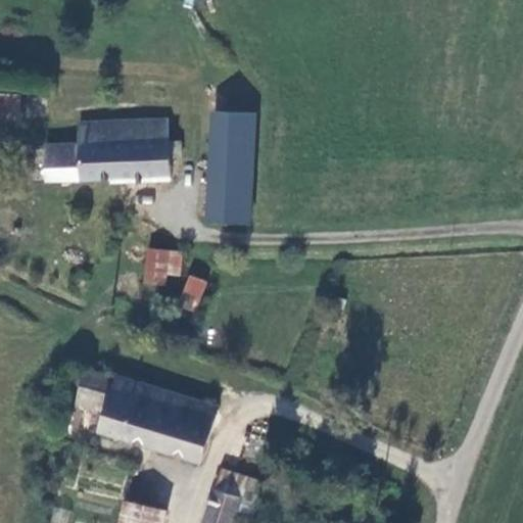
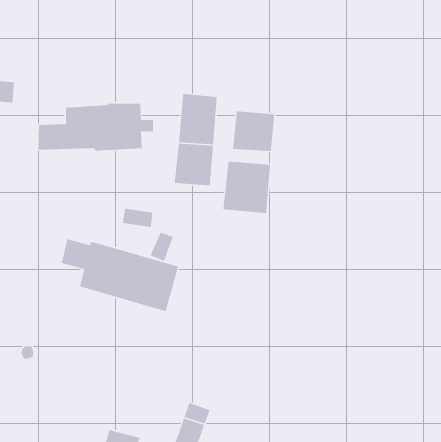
building: none -> [232,111,275,152]
building: none -> [223,161,271,214]
building: [77,376,216,463] -> [61,238,179,312]

